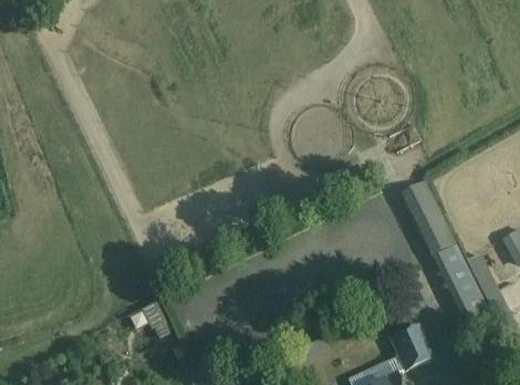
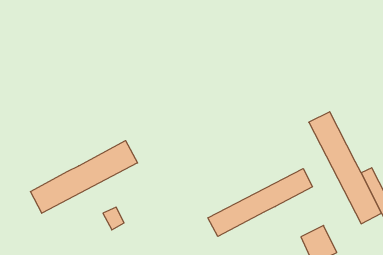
building: none -> [30,141,138,213]
building: none -> [208,169,312,236]

